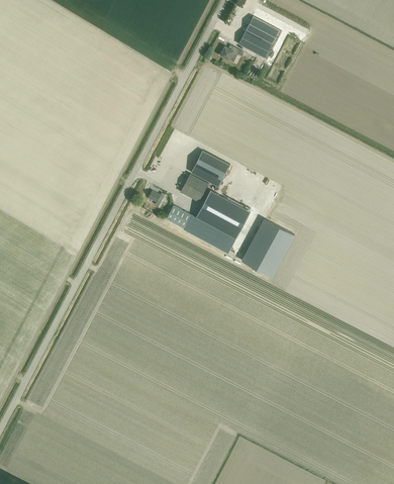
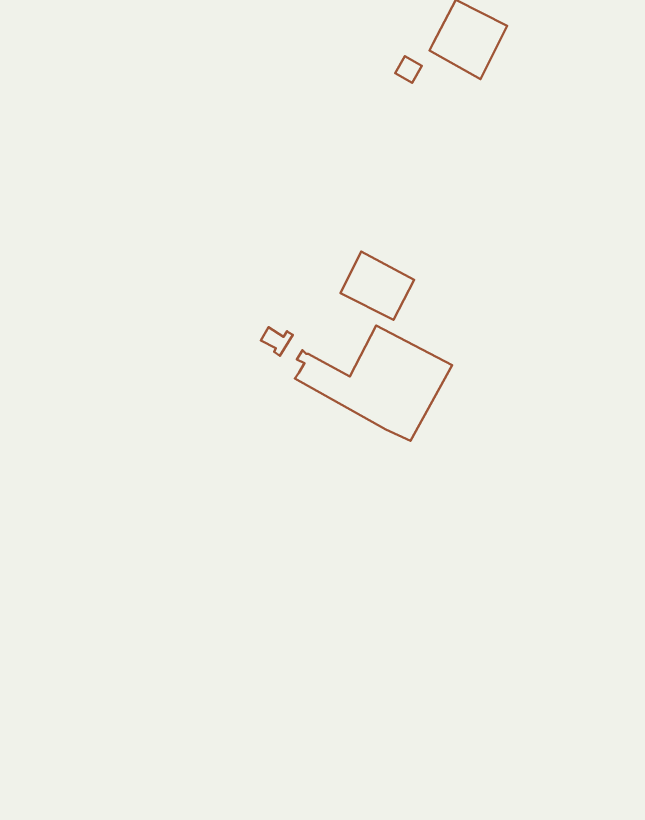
building: [181,174,208,202] -> none
building: [244,214,297,274] -> none

